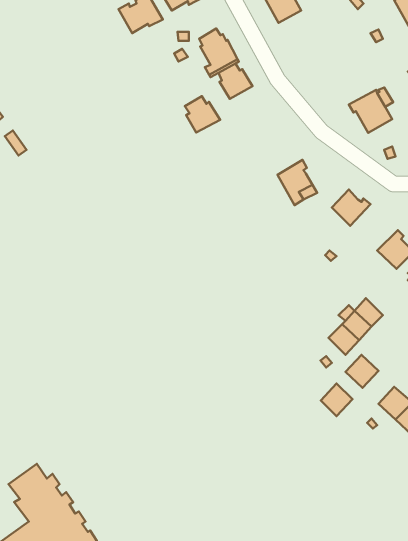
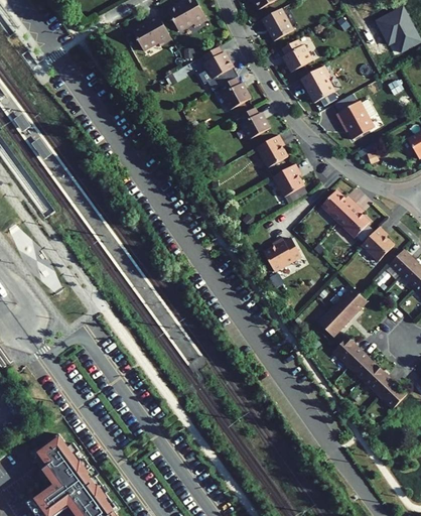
building: none -> [282,40,312,73]
building: none -> [300,67,335,104]
building: [185,96,220,132] -> [239,108,270,140]
building: none -> [257,135,287,167]
building: none -> [337,204,370,239]
building: none -> [264,238,301,272]
building: [321,383,352,416] -> [348,352,377,381]

